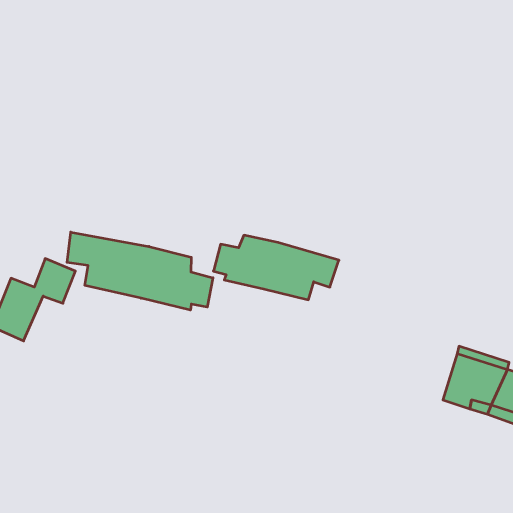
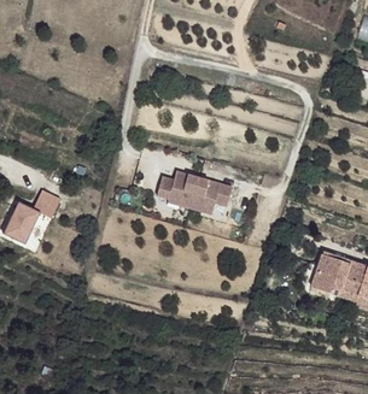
building: [67,232,213,310] -> none

